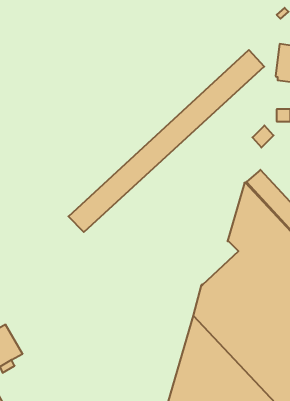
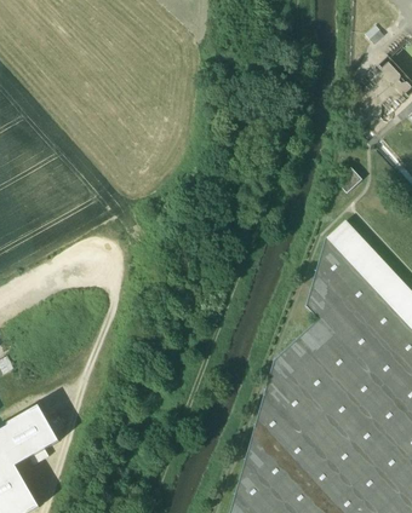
building: [68,50,264,232] -> none

